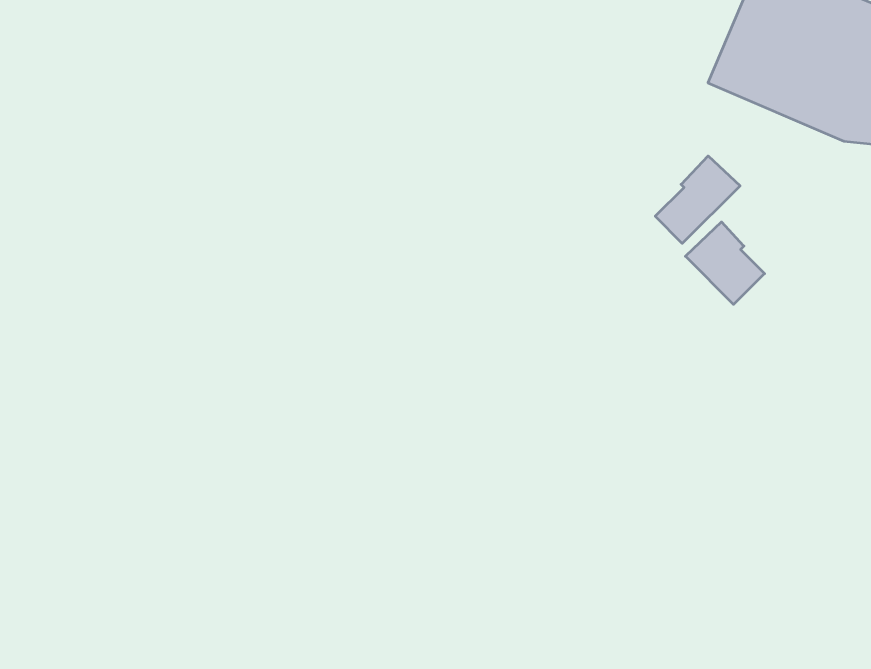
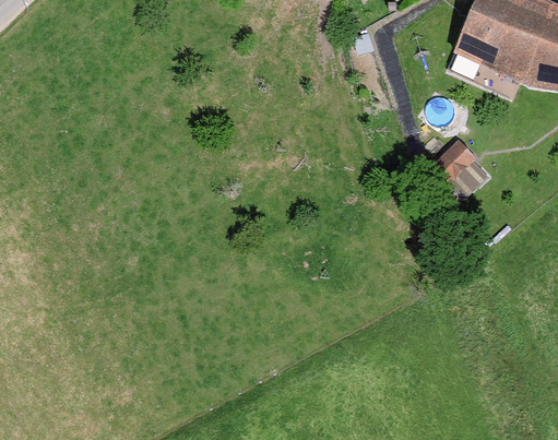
building: [655,156,740,243] -> none

